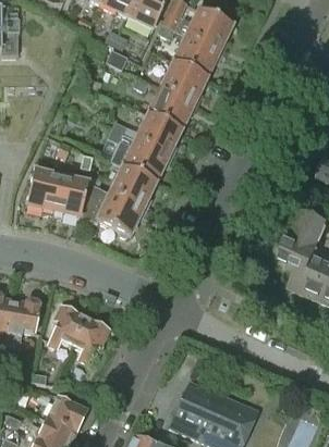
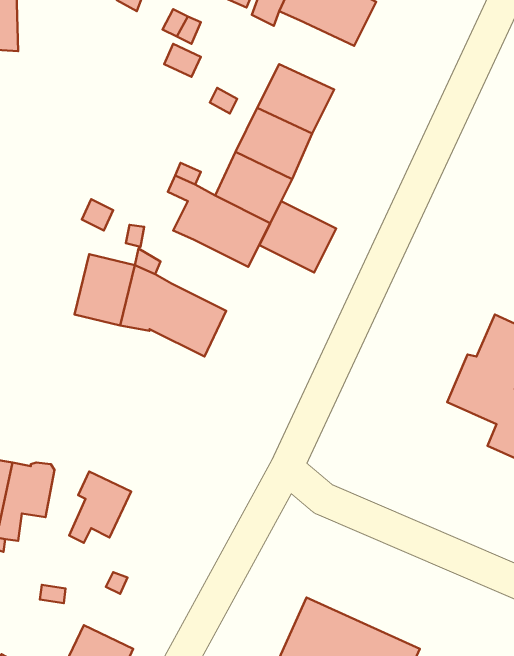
building: [173,36,218,77] -> none
building: [109,166,155,209] -> [259,201,336,273]
building: [25,170,60,211] -> none
building: [72,316,109,362] -> none

